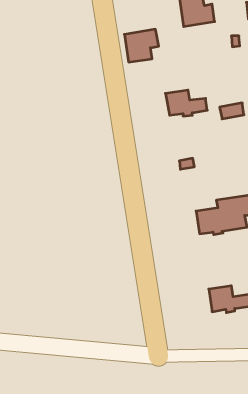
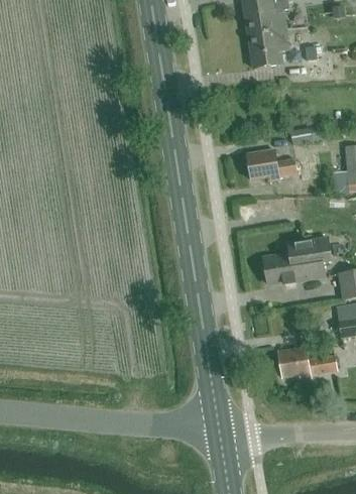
building: [124,29,159,62] -> [248,28,289,68]
building: [165,90,207,116] -> [246,148,296,179]

